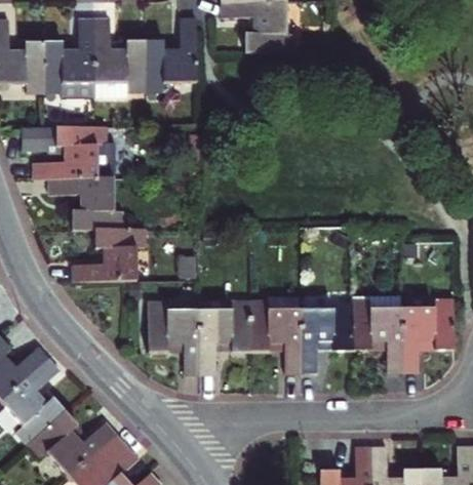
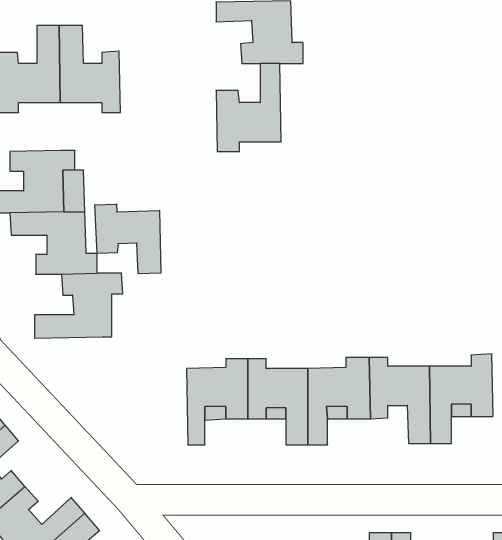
building: [144,21,198,94] -> [216,63,281,152]
building: none -> [95,204,161,274]
building: [148,300,201,372] -> none

